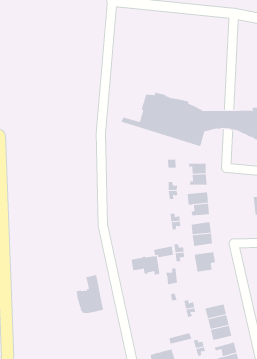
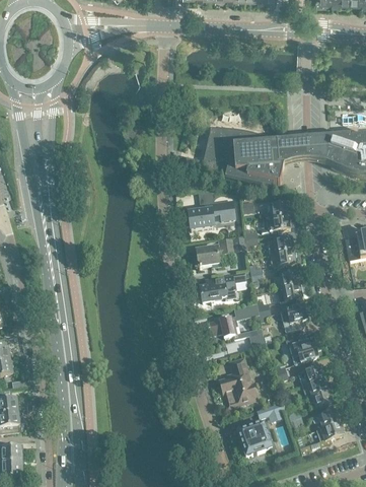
building: none -> [189,199,241,228]
building: none -> [195,236,234,266]
building: none -> [200,271,245,300]
building: [76,274,104,314] -> [221,357,255,404]
building: none -> [289,338,318,363]

